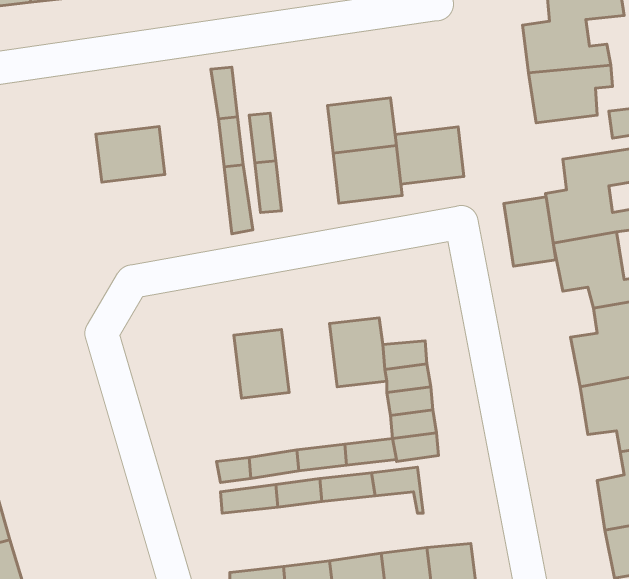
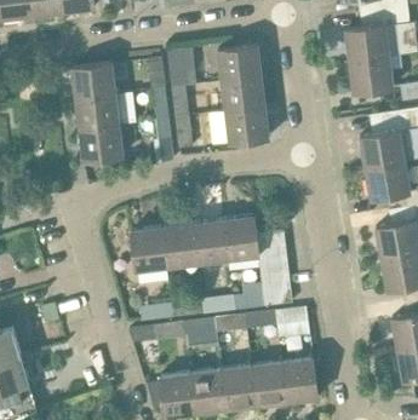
building: none -> [168,48,195,87]
building: none -> [71,63,115,99]
building: [395,127,464,184] -> [218,45,262,81]
building: none -> [79,125,124,161]
building: [504,197,556,266] -> none
building: none -> [193,219,228,263]
building: none -> [131,226,167,271]
building: none -> [279,306,310,339]

